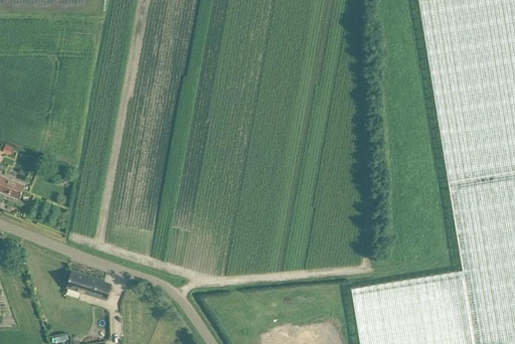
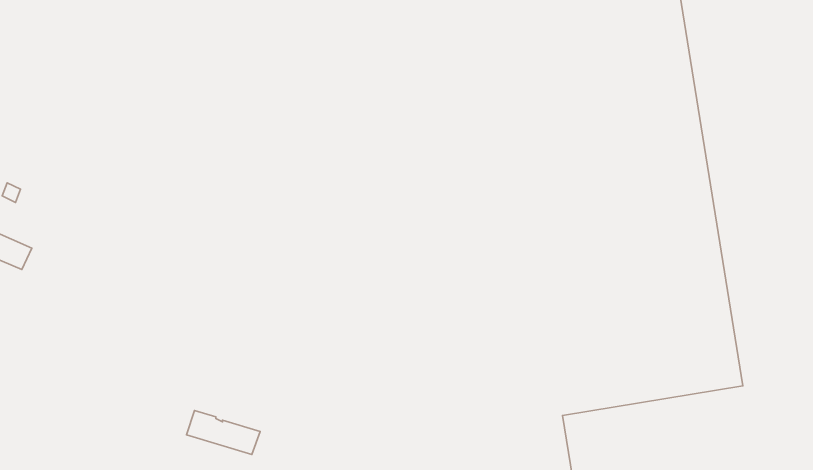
building: [68,271,114,298] -> [186,410,260,455]

